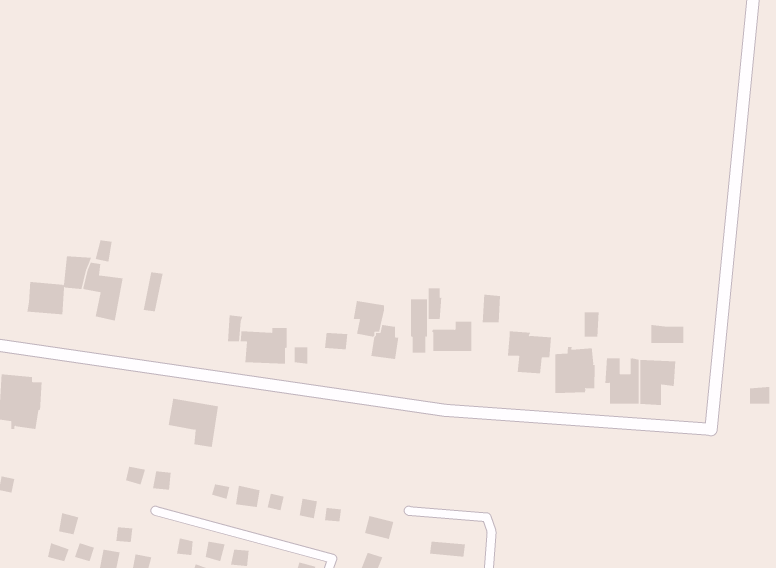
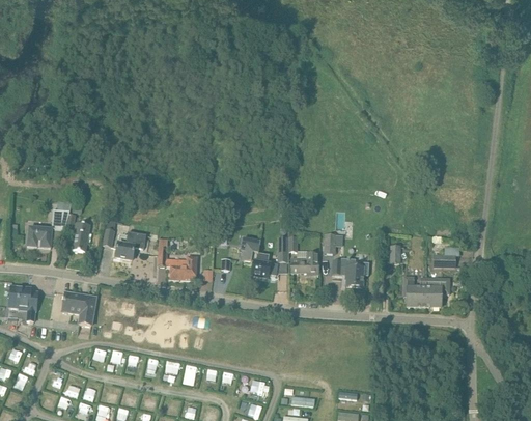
building: none -> [115,231,146,259]
building: [555,346,595,394] -> none
building: [168,398,219,448] -> [62,292,95,325]

